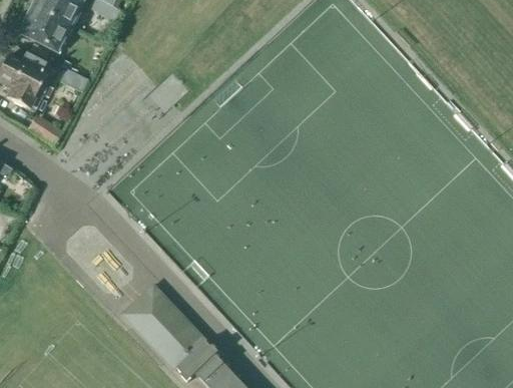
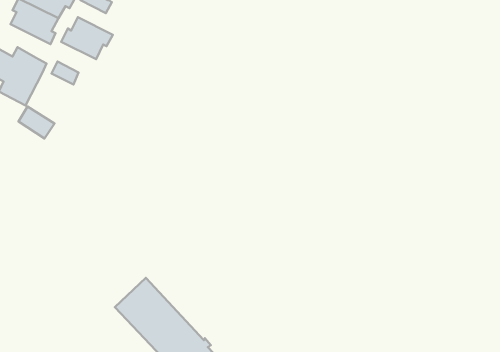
building: none -> [61,17,113,59]

